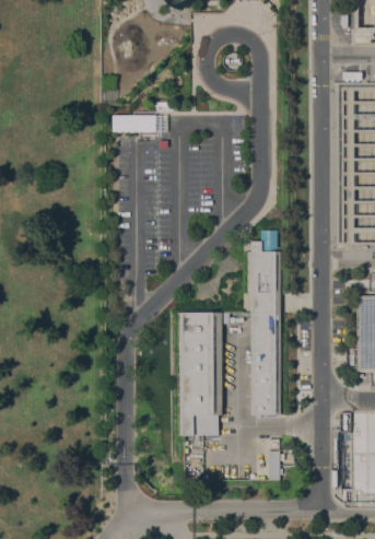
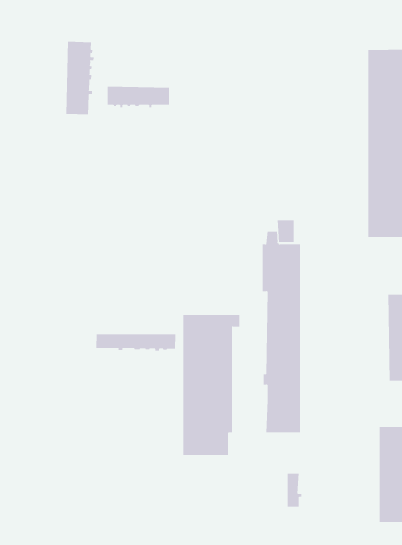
building: none -> [66,41,94,115]
building: none -> [96,333,176,351]

